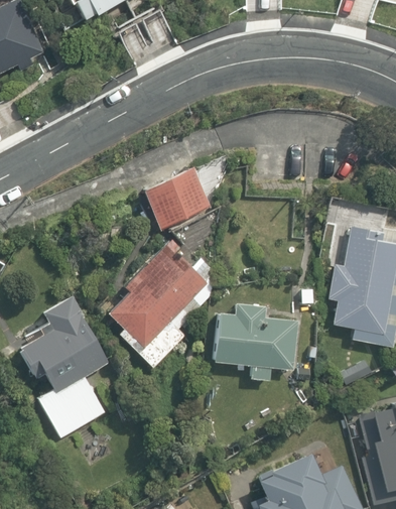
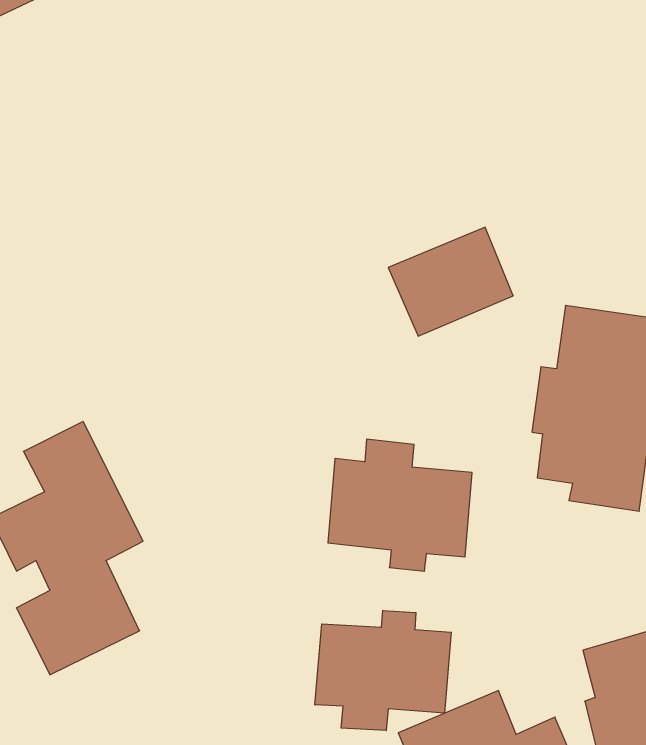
building: [143,168,215,231] -> [388,227,513,336]
building: [110,250,207,370] -> none
building: none -> [315,610,451,731]

